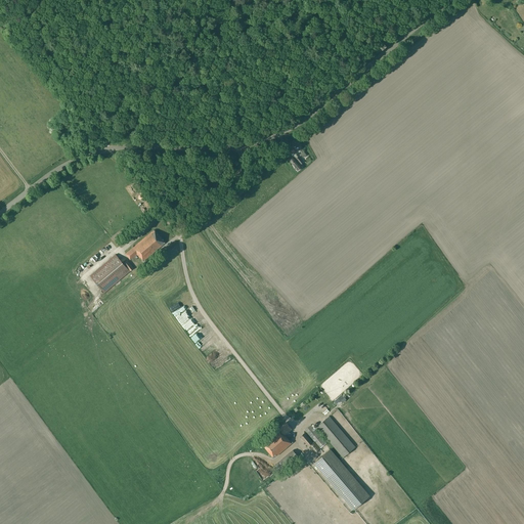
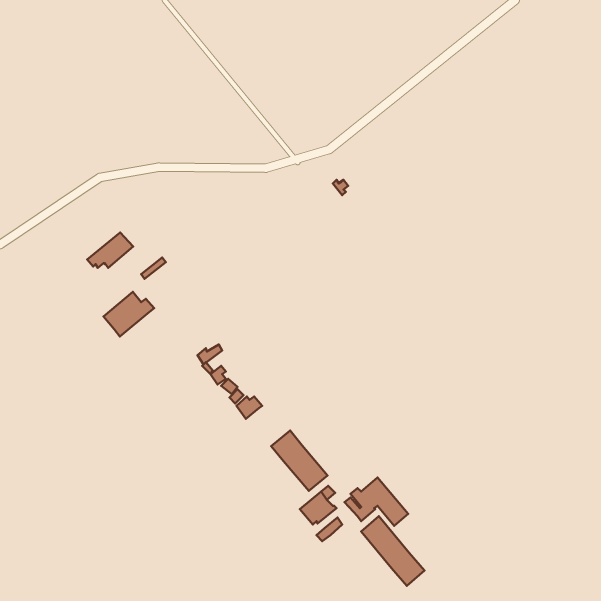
building: [125,230,165,261] -> [87,233,133,268]
building: none -> [271,430,328,491]

